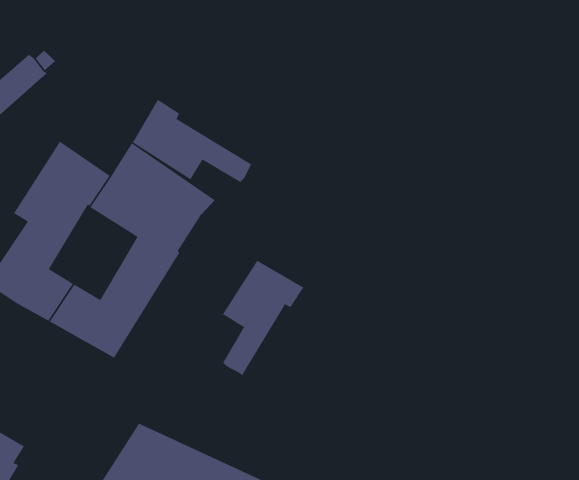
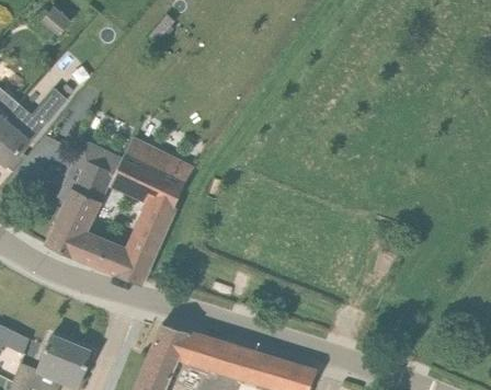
building: [132,99,253,183] -> none
building: [222,260,304,376] -> none

